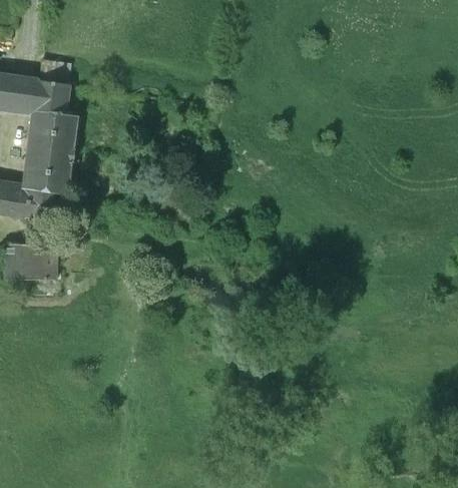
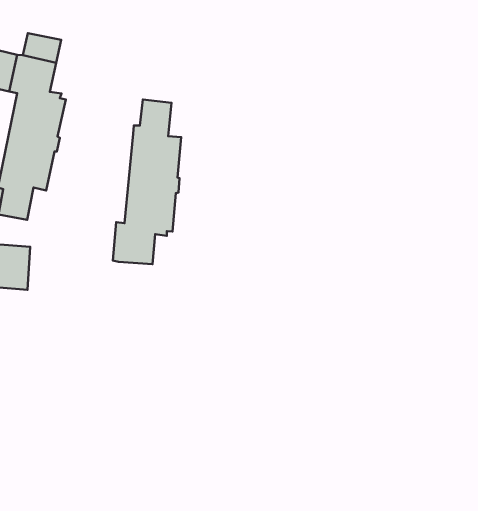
building: none -> [113,99,181,264]

